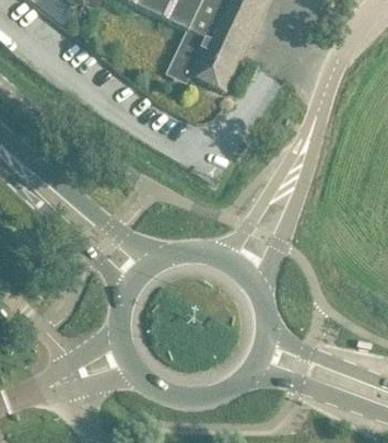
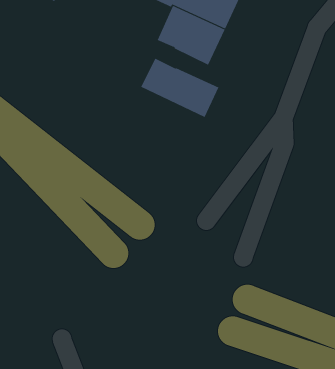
building: none -> [141,58,219,118]

